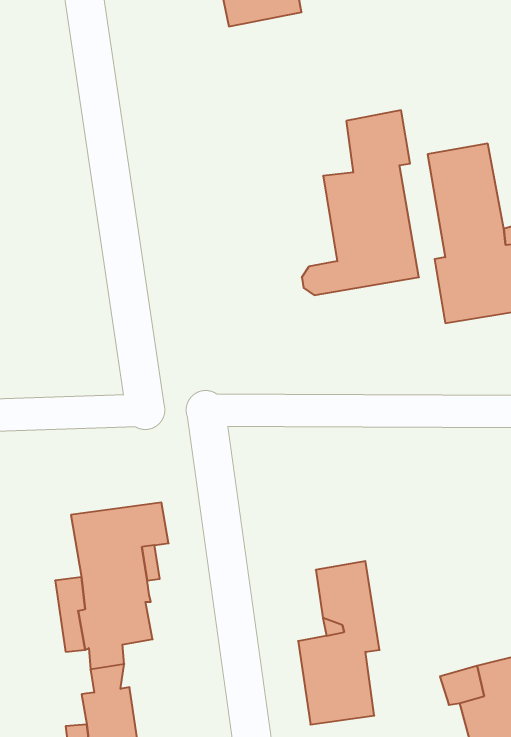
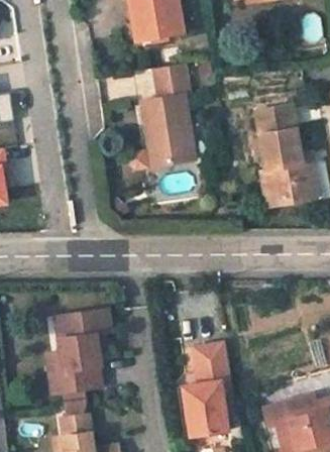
building: [302,110,419,295] -> [128,65,195,170]

